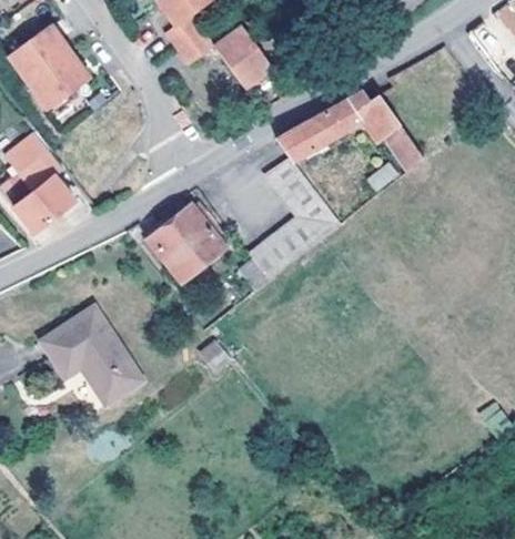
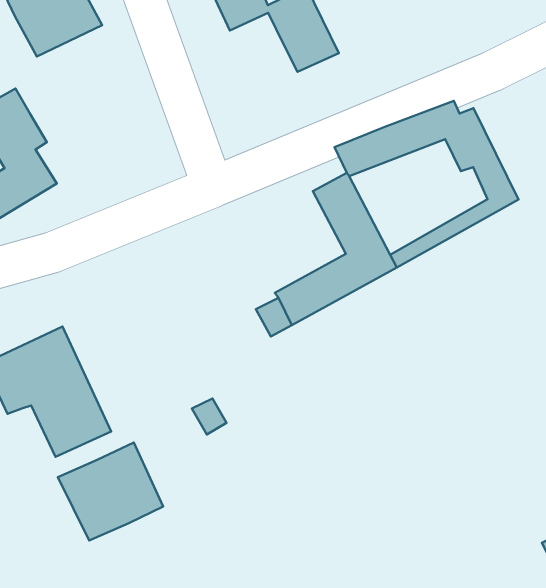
building: [147,204,223,278] -> none
building: none -> [58,443,163,540]

